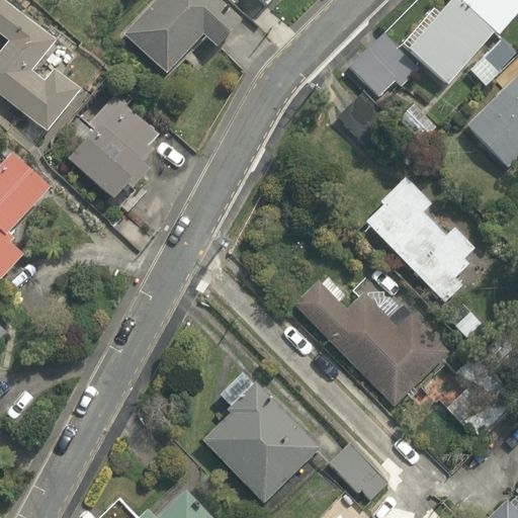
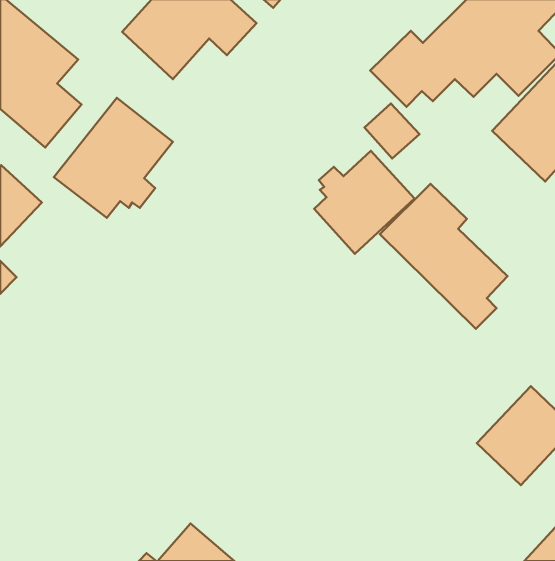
building: none -> [314,151,415,254]
building: [285,276,451,407] -> none
building: [198,366,399,508] -> none

